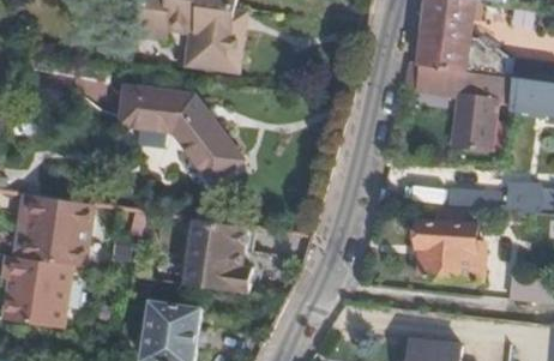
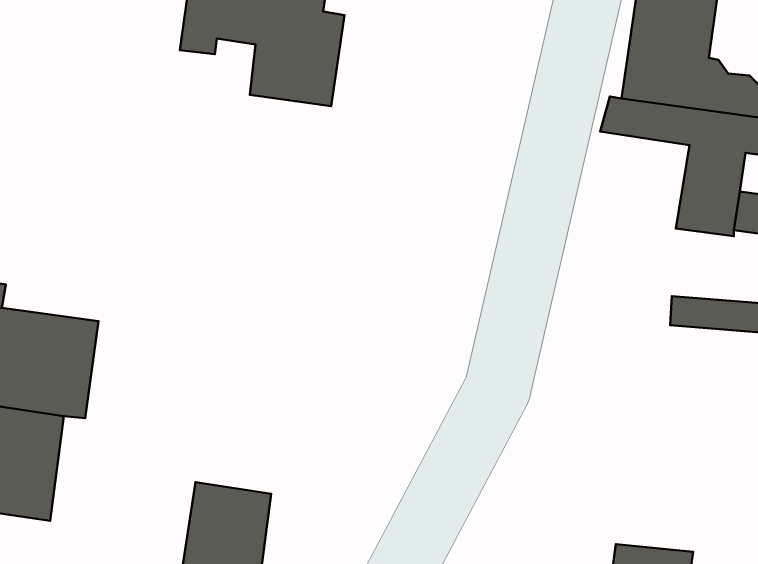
building: [119,86,239,181] -> none
building: [185,219,248,294] -> none
building: [414,221,486,281] -> none

